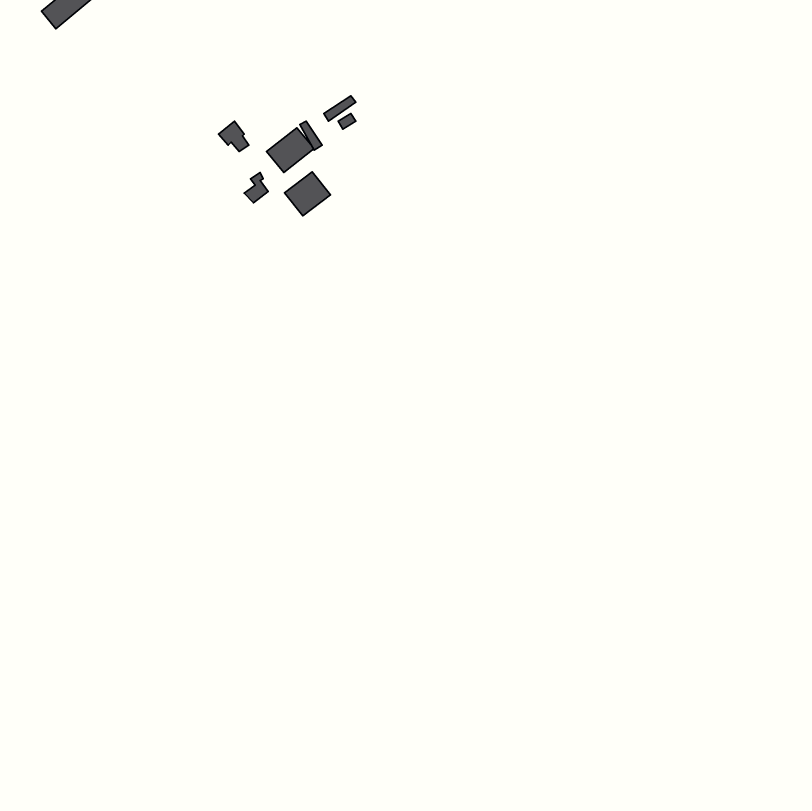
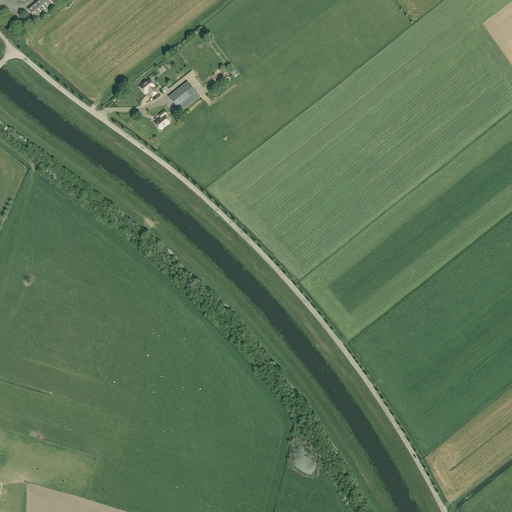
building: [284,172,330,216] -> none

